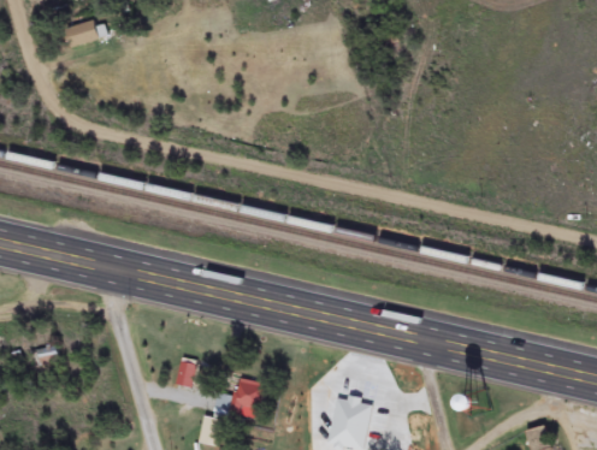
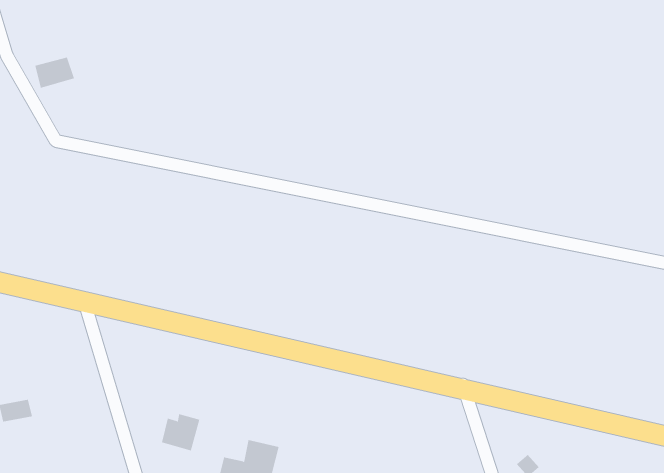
building: [65,19,99,46] -> [34,57,75,89]

